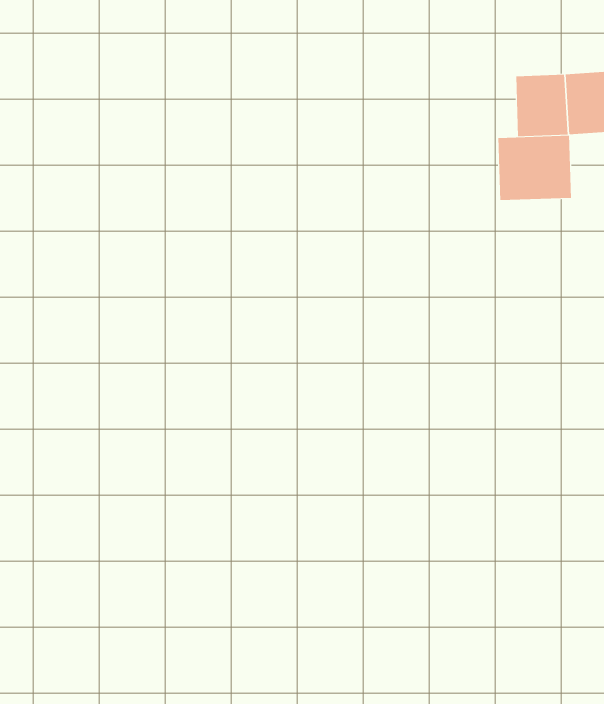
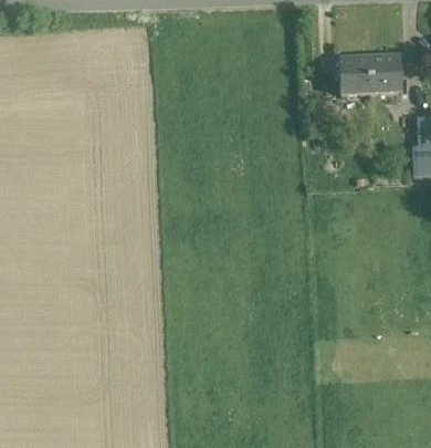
building: [498,135,571,201] -> none

